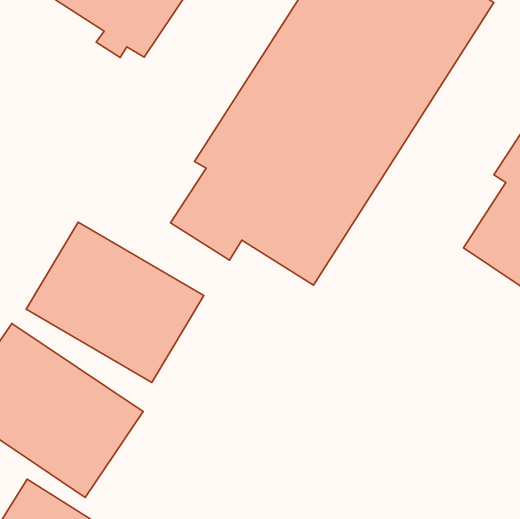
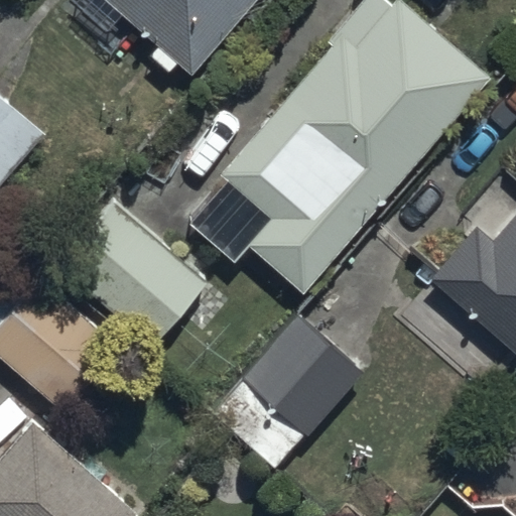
building: none -> [208,315,362,476]

